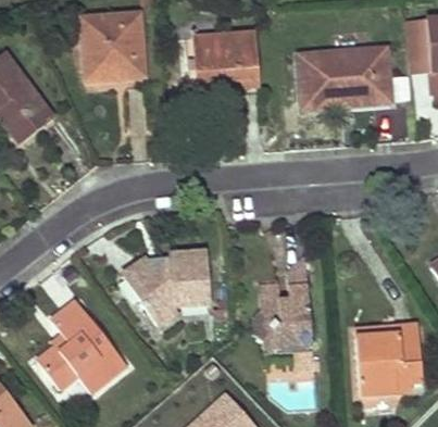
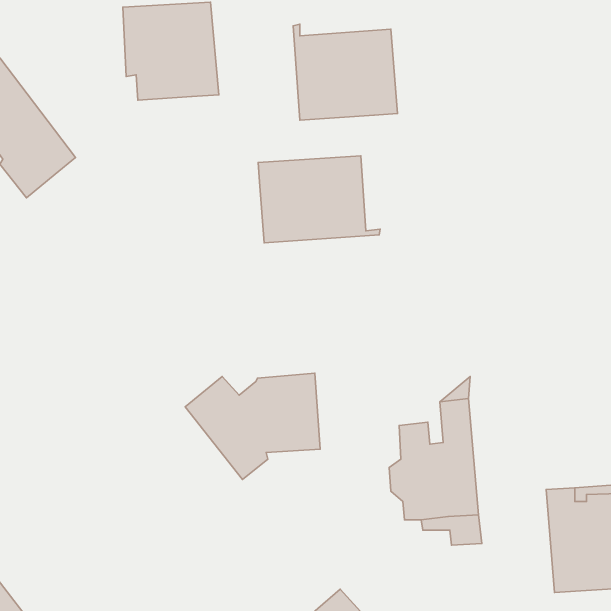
building: [303,50,389,108] -> none
building: none -> [258,156,380,243]
building: [38,301,125,392] -> none

